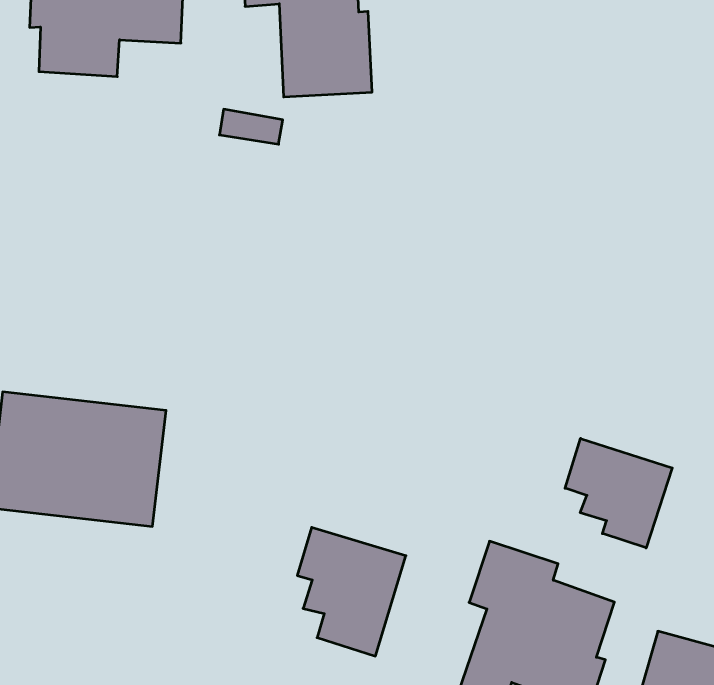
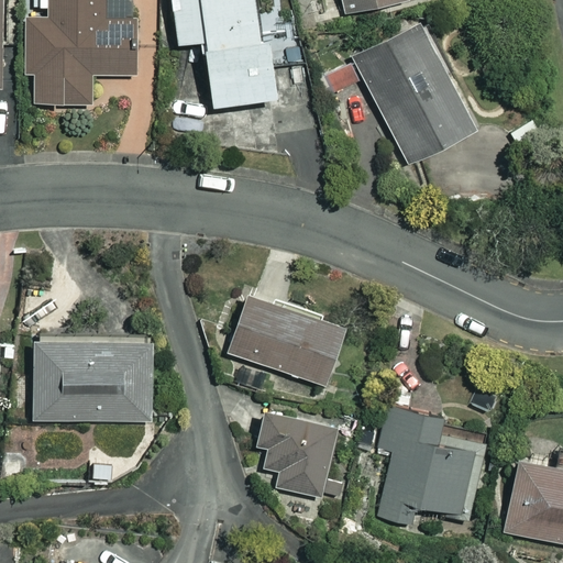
building: none -> [324,23,475,165]
building: none -> [227,295,342,385]
building: [565,438,672,548] -> none

